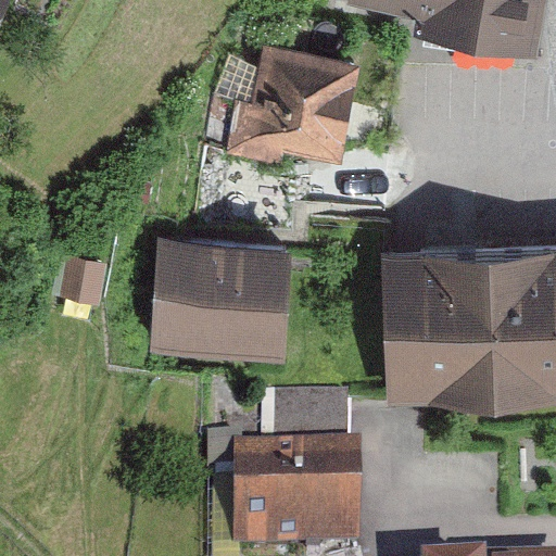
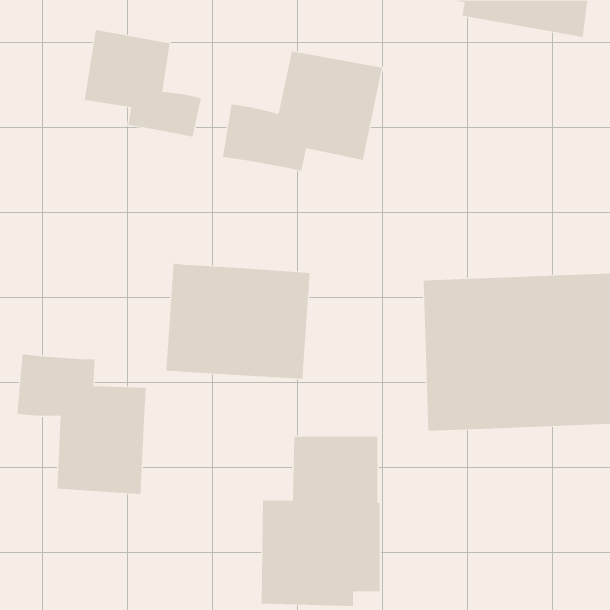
building: none -> [84,29,201,138]
building: none -> [17,354,146,495]

